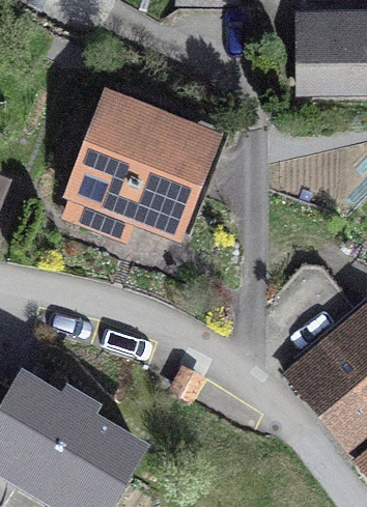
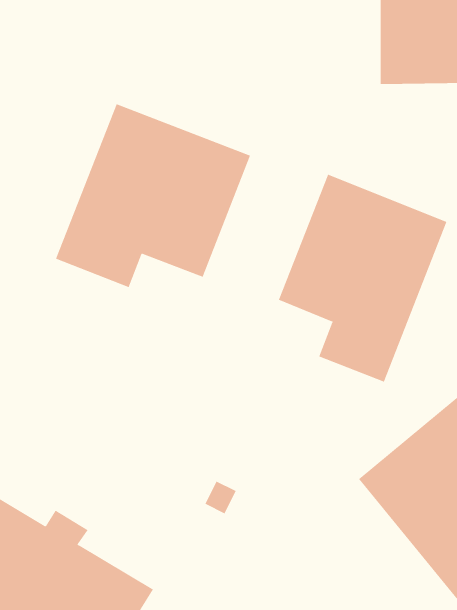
building: [112,89,228,234] -> none
building: none -> [278,174,447,383]

